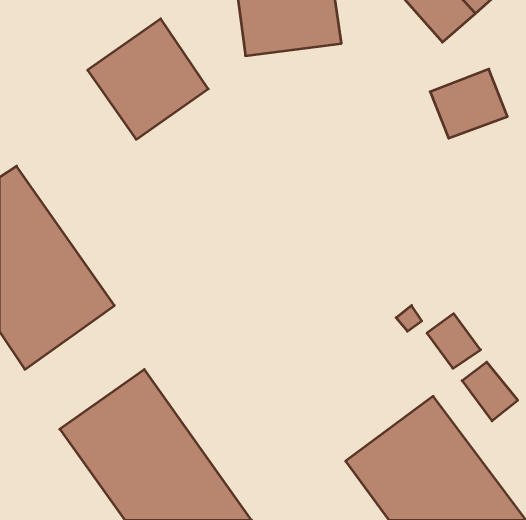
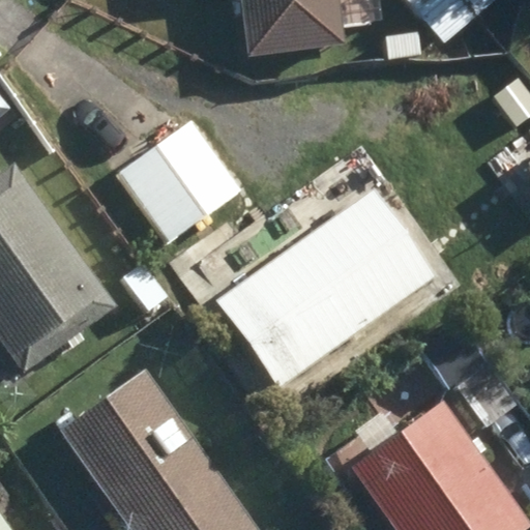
building: [88,19,208,139] -> [120,120,241,241]
building: none -> [217,188,437,388]

